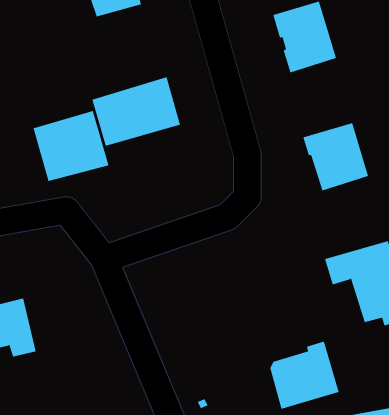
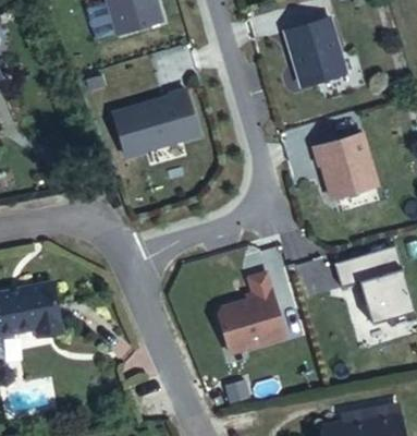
building: [33,110,109,182] -> none
building: [269,341,339,409] -> [218,287,284,352]

